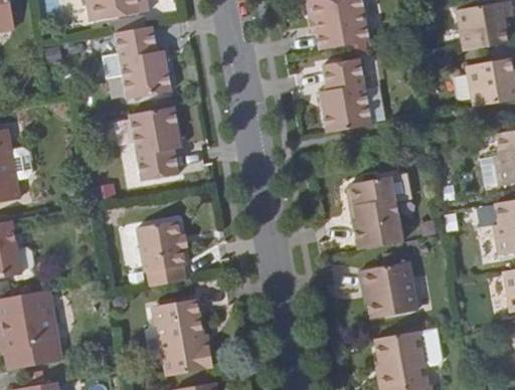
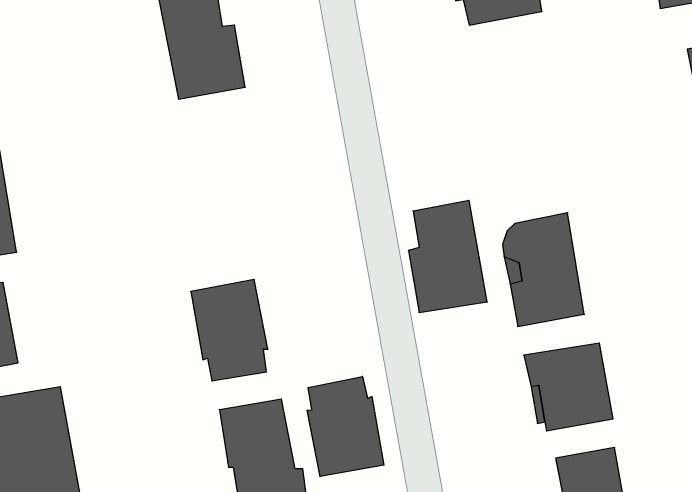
building: [320,58,372,133] -> [408,200,487,313]
building: [130,108,182,182] -> none
building: none -> [307,376,384,477]

